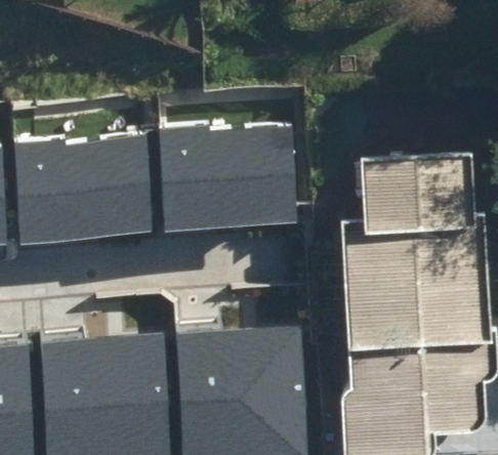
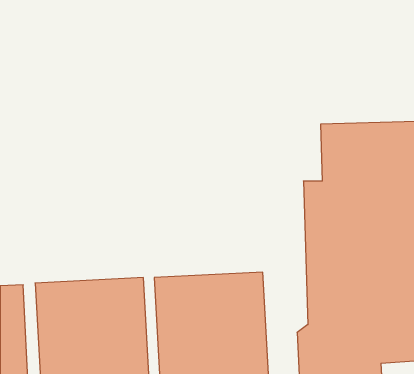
building: [159,129,297,233] -> none
building: [14,136,153,240] -> none

